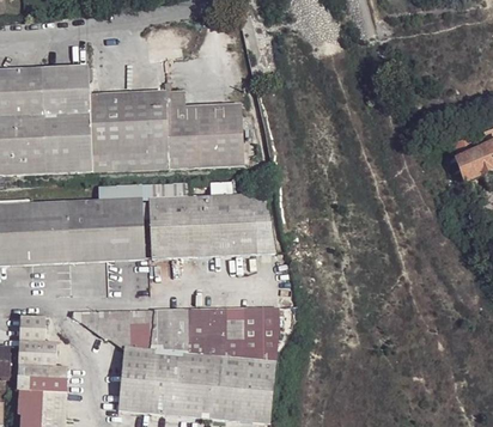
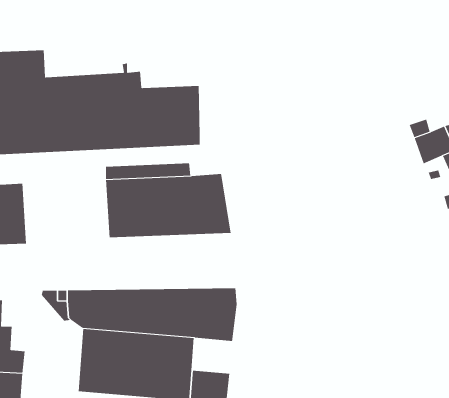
building: [65,196,144,262] -> none
building: [235,356,275,392] -> none

